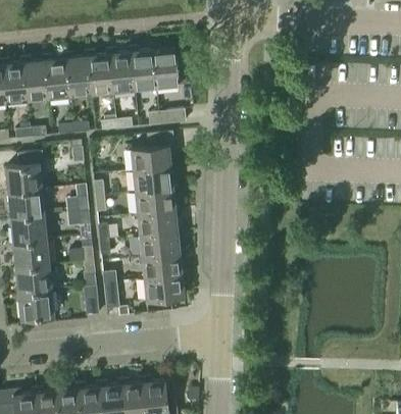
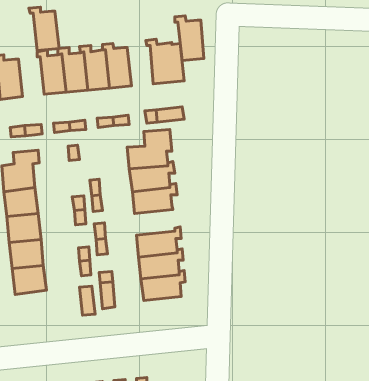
building: [127,46,155,90] -> [175,16,204,60]
building: [18,57,48,100] -> [29,7,59,51]
building: [137,207,181,237] -> none
building: [19,291,52,320] -> none

